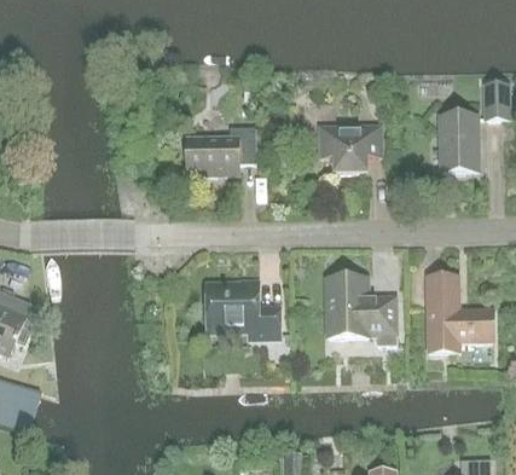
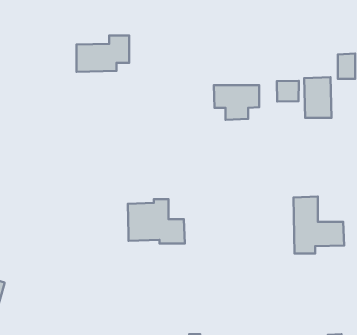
building: none -> [277,81,299,102]
building: [186,126,256,174] -> [77,36,129,72]
building: [327,276,398,344] -> none

